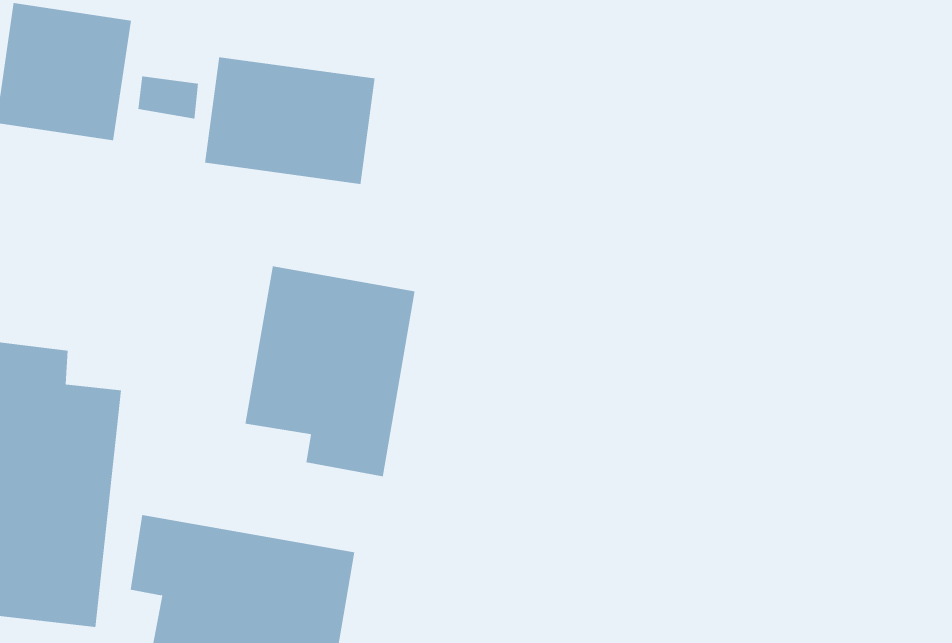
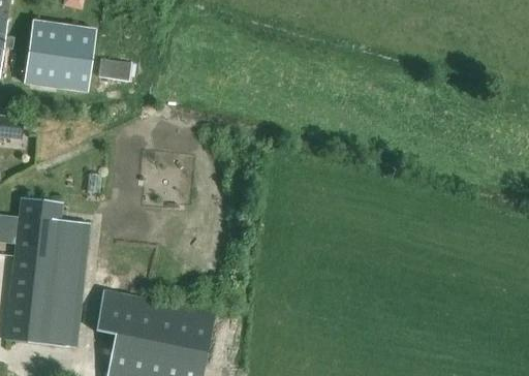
building: [205,56,375,185] -> none
building: [245,266,415,477] -> none

